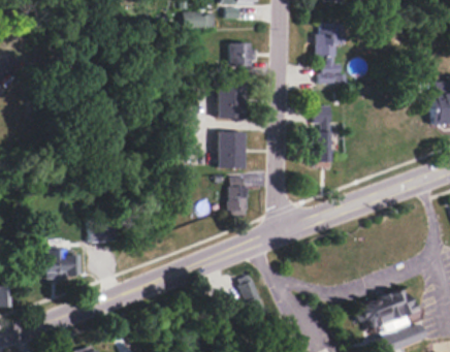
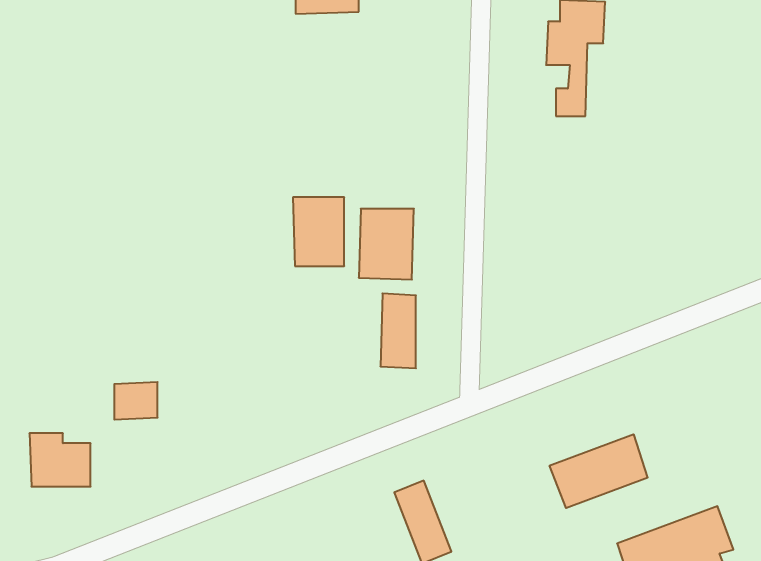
building: [229,43,254,66] -> none
building: [218,83,245,119] -> [293,197,344,266]
building: [316,105,332,162] -> none
building: none -> [550,434,648,508]

